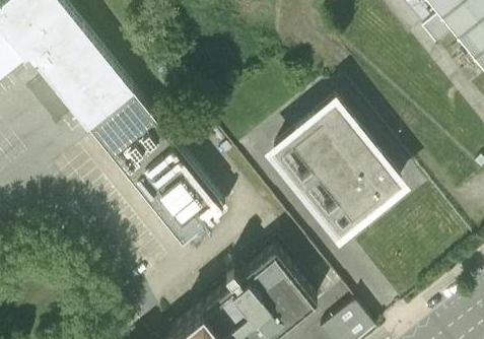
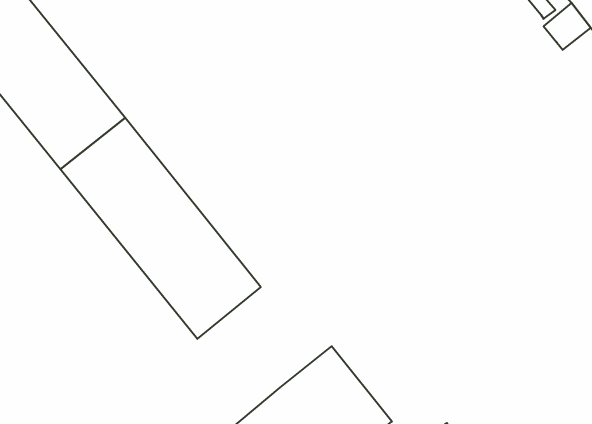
building: [276,106,404,236] -> none

